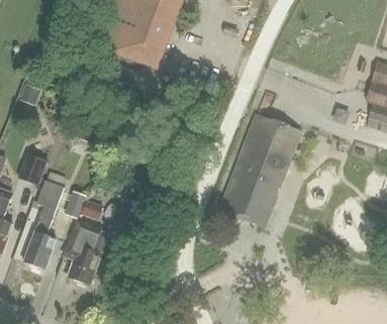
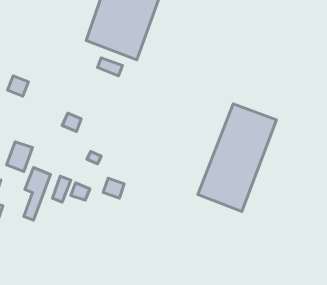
building: [63,220,100,285] -> none
building: [23,232,55,268] -> none

